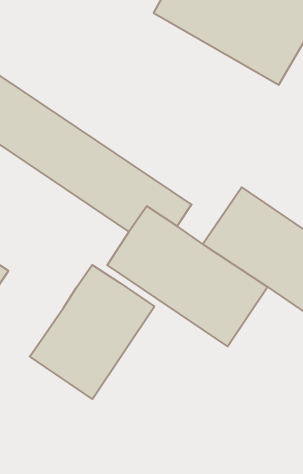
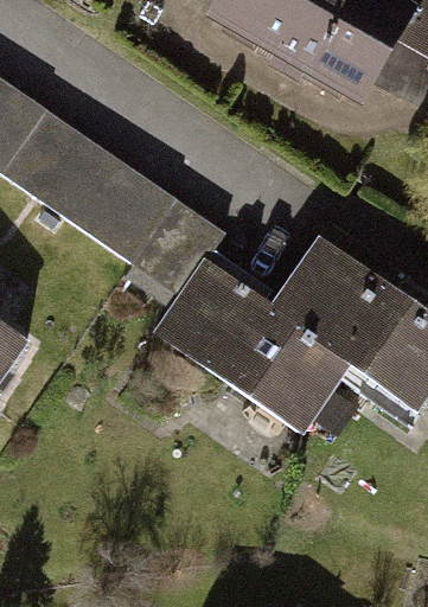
building: [30,265,154,399] -> none

